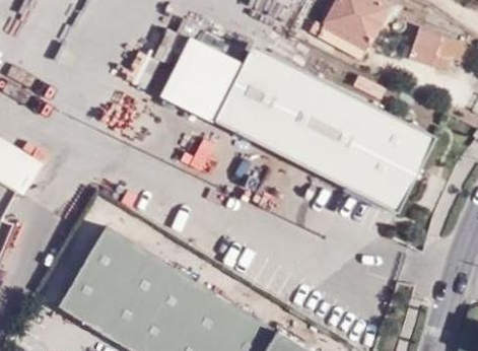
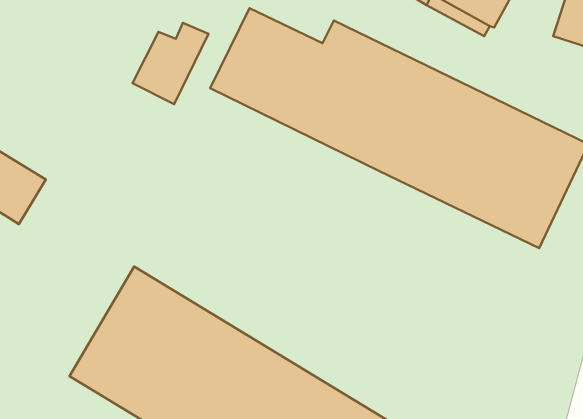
building: none -> [133,23,208,104]

